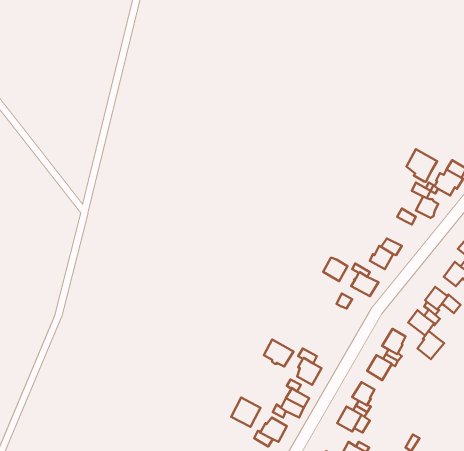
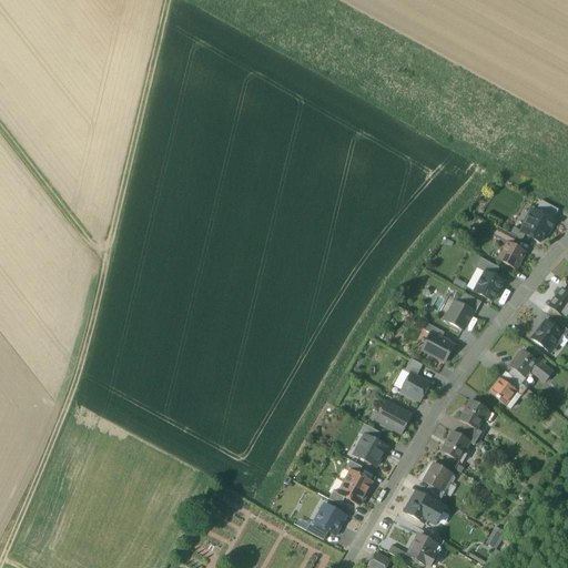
building: [406,149,437,182] -> none
building: none -> [474,271,503,300]
building: [323,258,348,281] -> [400,373,429,400]
building: [418,331,444,359] -> none
building: [264,339,294,366] -> [376,400,412,433]
building: [231,397,261,427] -> none

